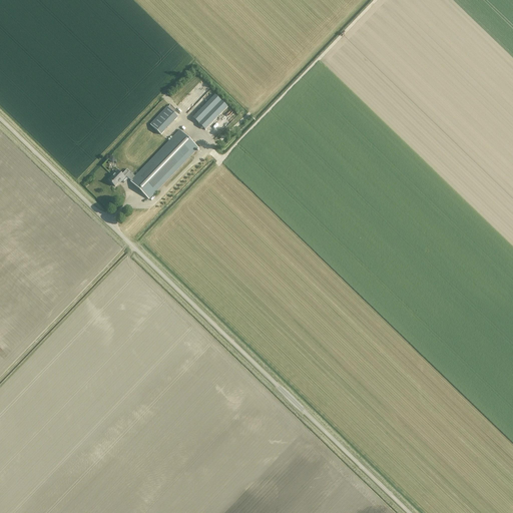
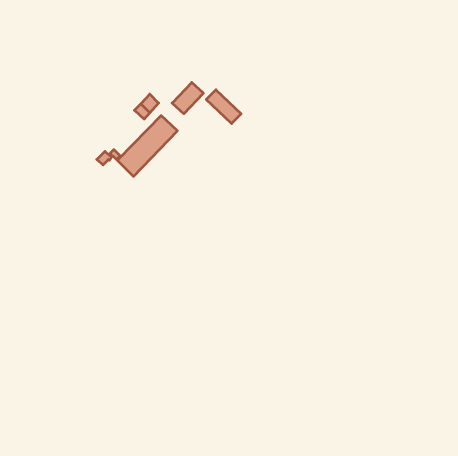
building: none -> [206,90,241,124]

